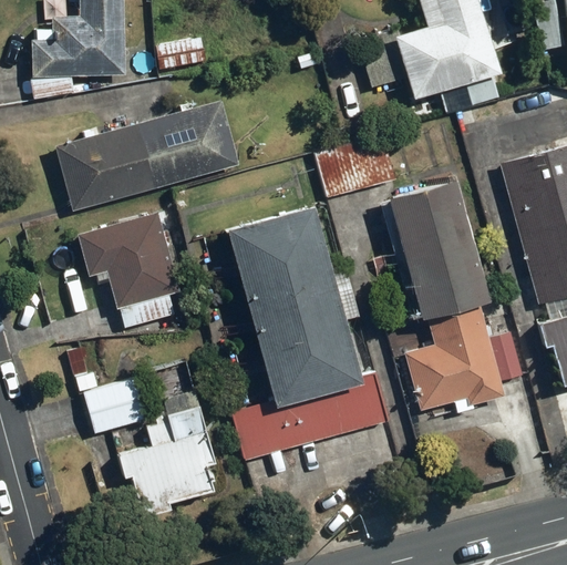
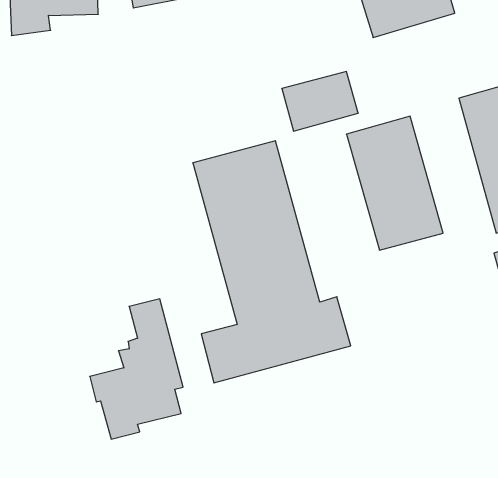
building: [55,99,241,210] -> none
building: [78,210,181,326] -> none
building: [406,306,504,411] -> none
building: [84,377,148,432] -> none

